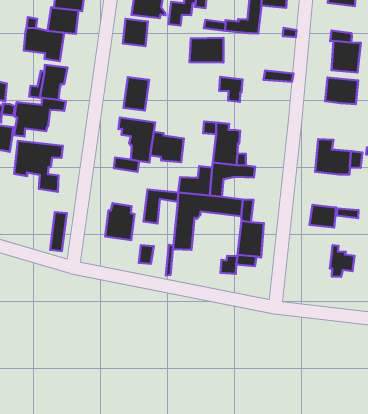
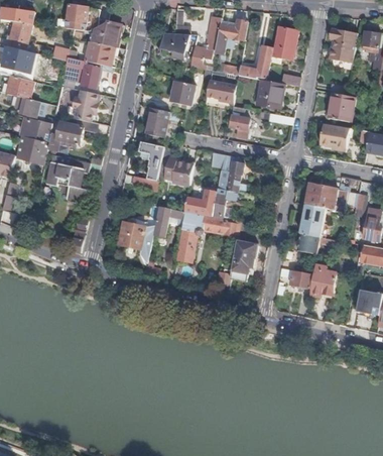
building: [123,19,148,46] -> [171,81,195,106]
building: none -> [257,79,284,108]
building: none -> [300,204,326,236]
building: none -> [279,267,312,288]

